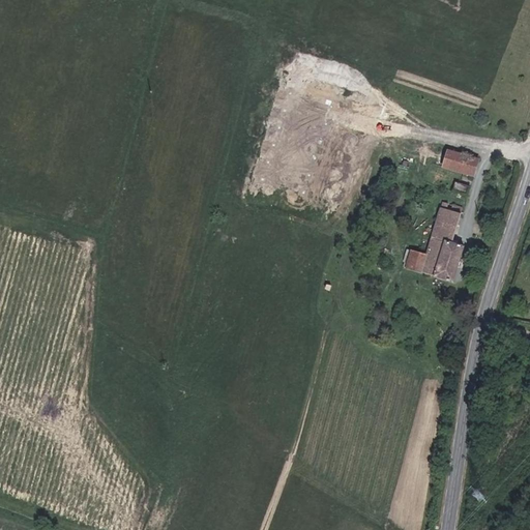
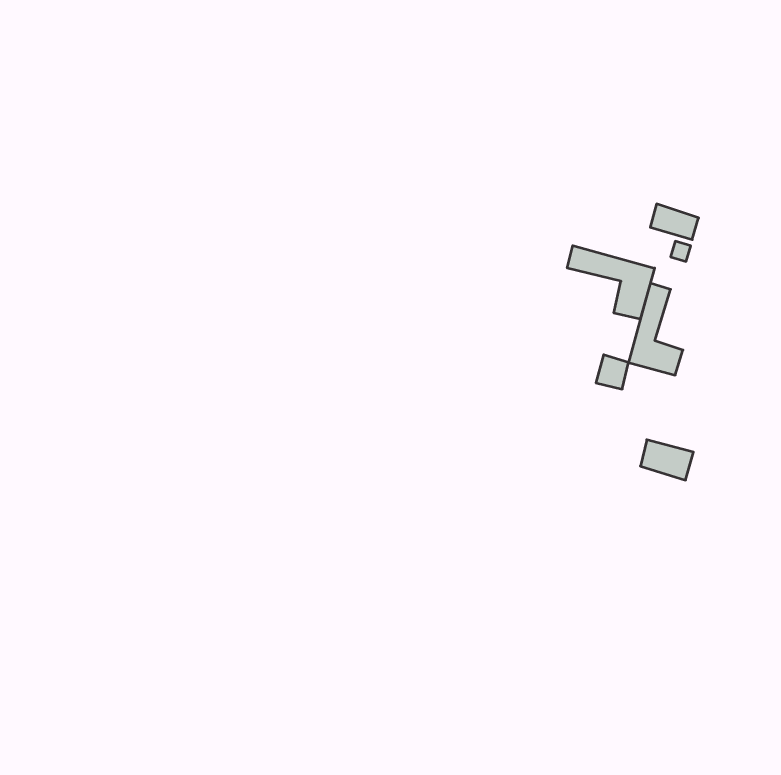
building: none -> [567,246,655,319]
building: [423,255,459,282] -> [640,440,693,480]

